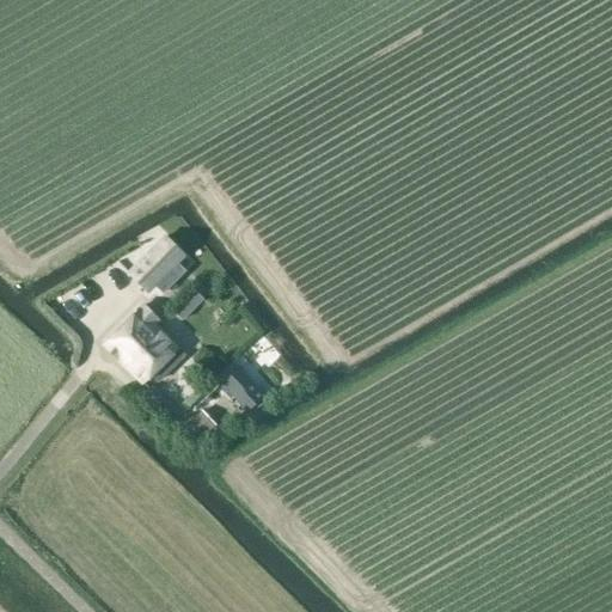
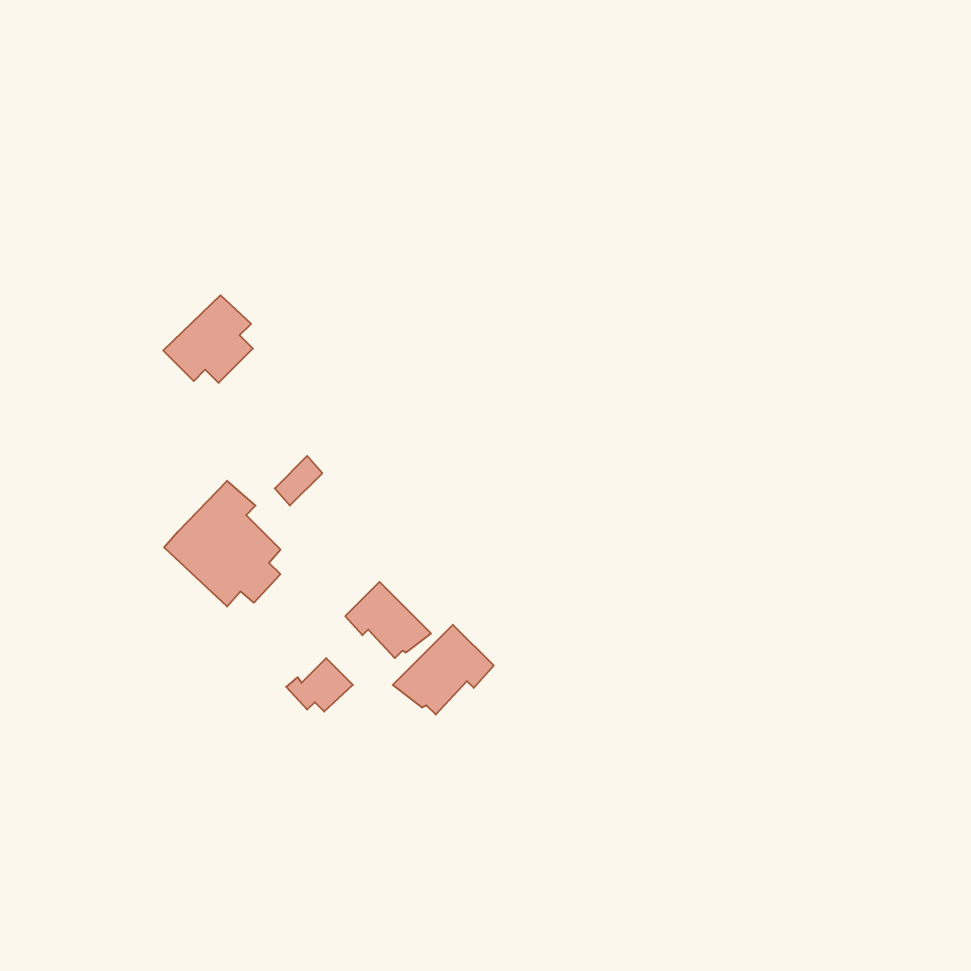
building: [130,235,186,290] -> [163,295,253,383]
building: none -> [393,625,494,715]

